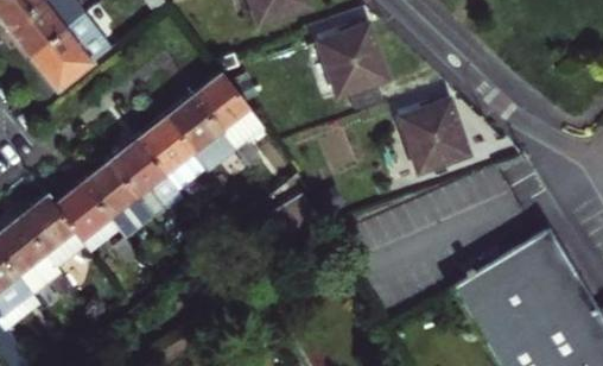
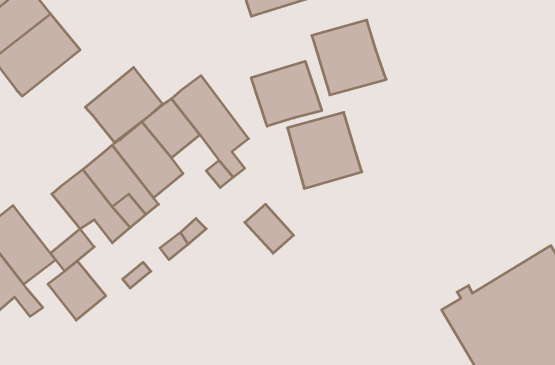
building: none -> [251,61,322,126]
building: none -> [85,67,163,143]
building: [402,99,471,169] -> [287,112,362,188]
building: [52,183,106,238] -> [48,261,106,320]

